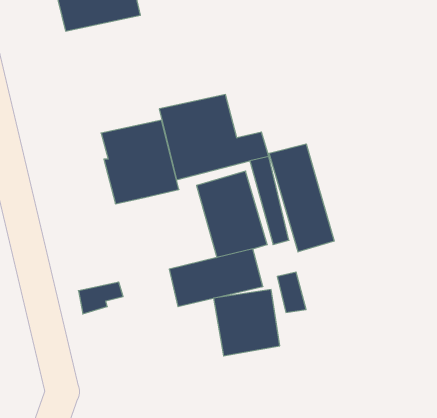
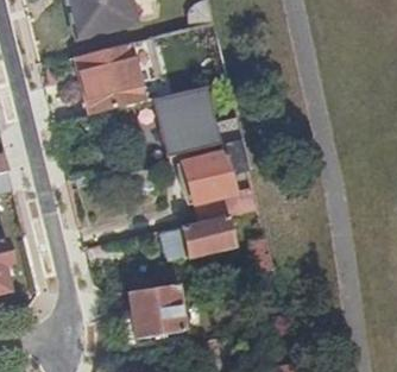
building: [101,120,179,204] -> [78,44,143,113]
building: [269,144,334,252] -> none
building: [213,290,280,356] -> [128,284,183,339]

